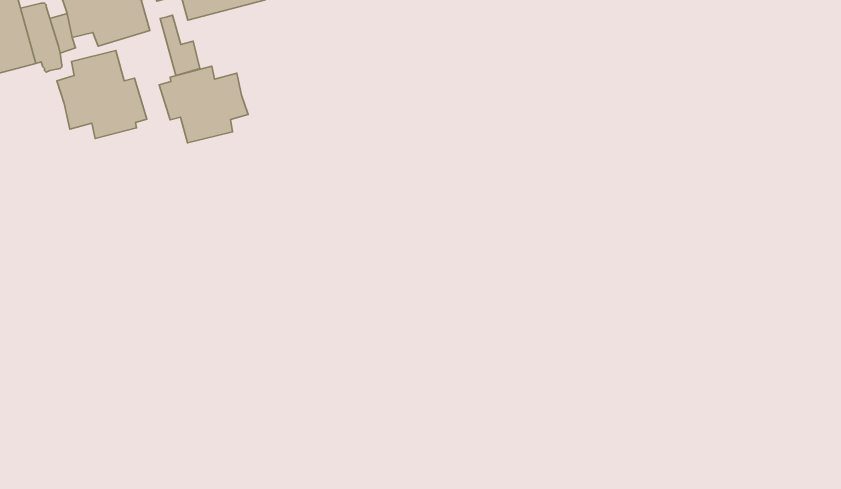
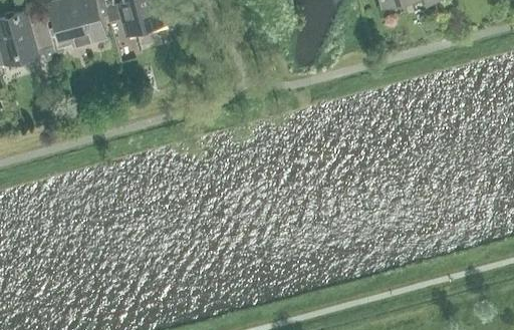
building: [57,51,147,138] -> none
building: [159,66,248,143] -> none

